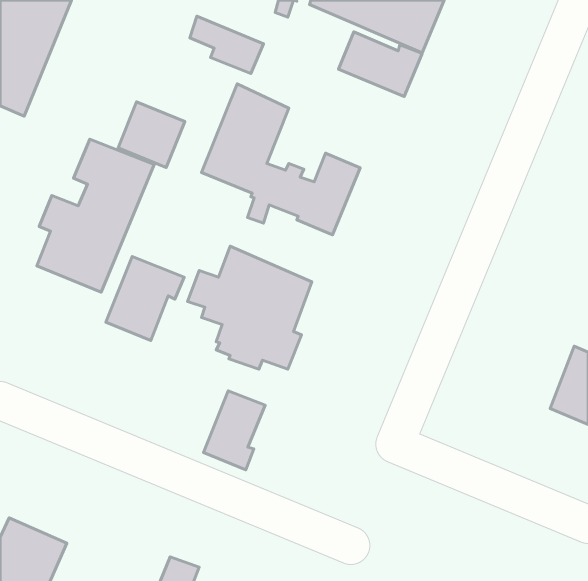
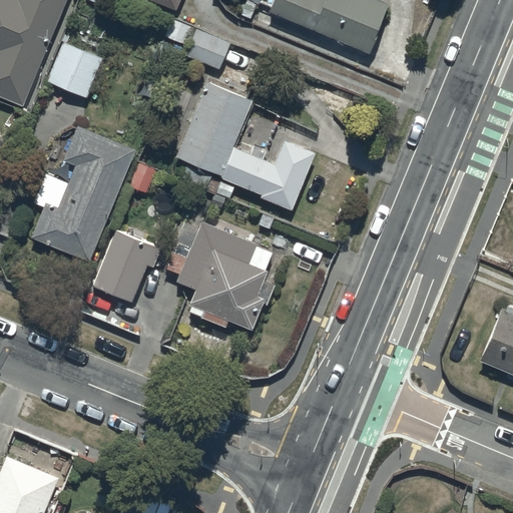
building: [339,32,422,96] -> none
building: [118,102,185,167] -> [45,43,103,100]
building: [203,391,265,470] -> none

